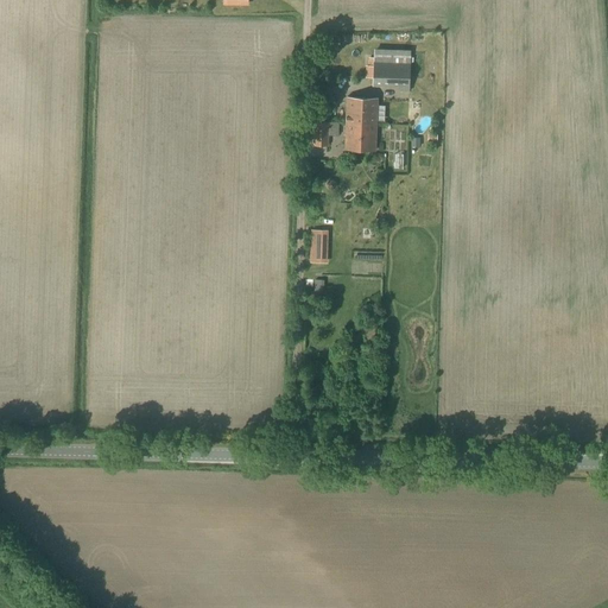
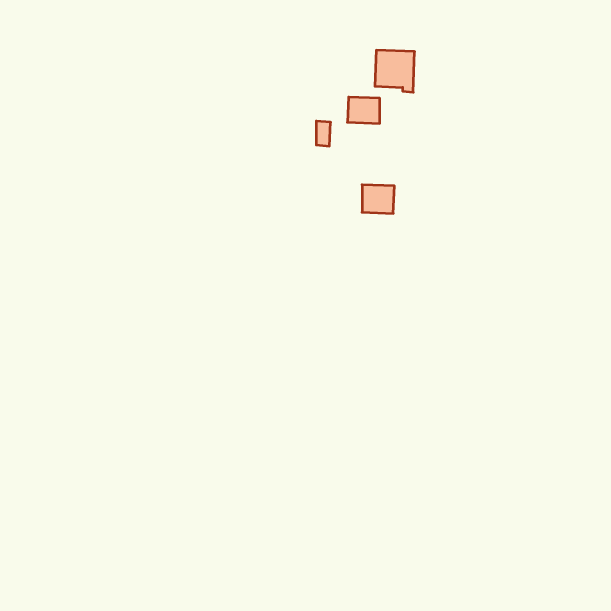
building: [346,121,378,150] -> [362,185,394,213]
building: [311,229,329,261] -> none

